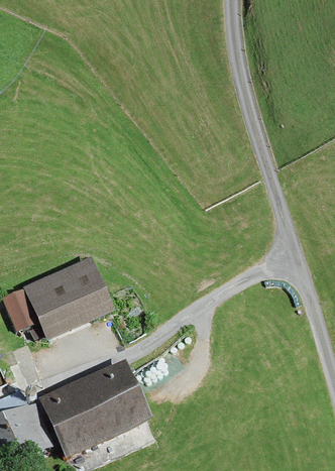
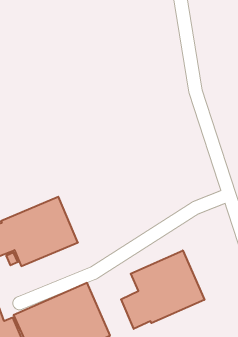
building: none -> [121,250,204,329]

